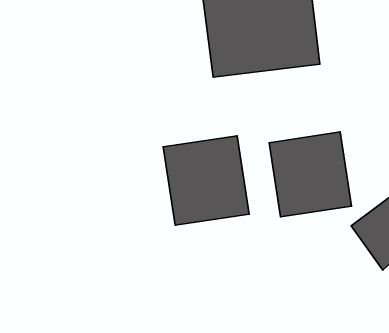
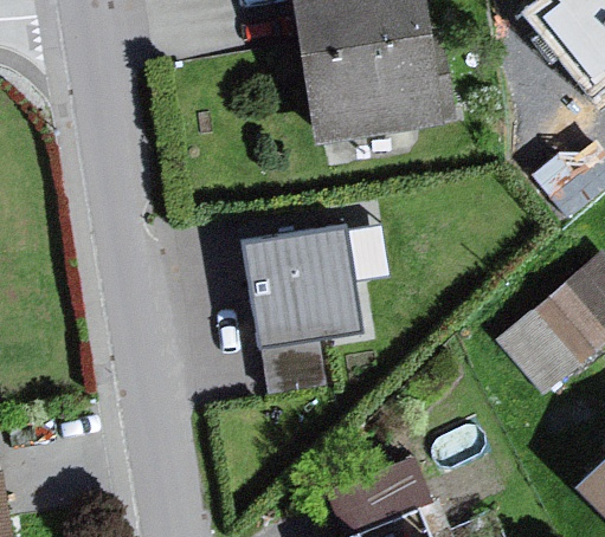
building: [269,132,351,217] -> none

